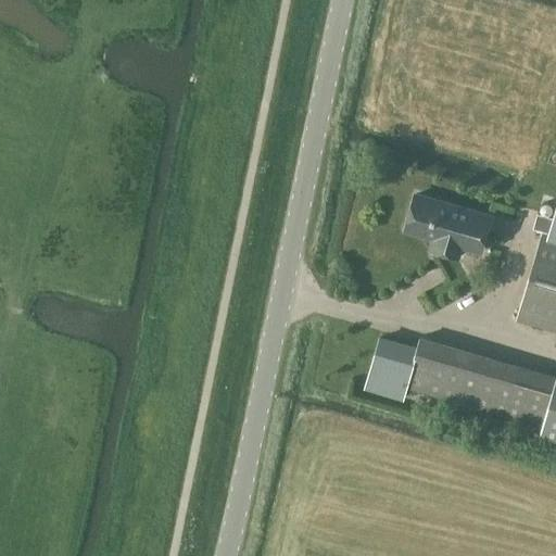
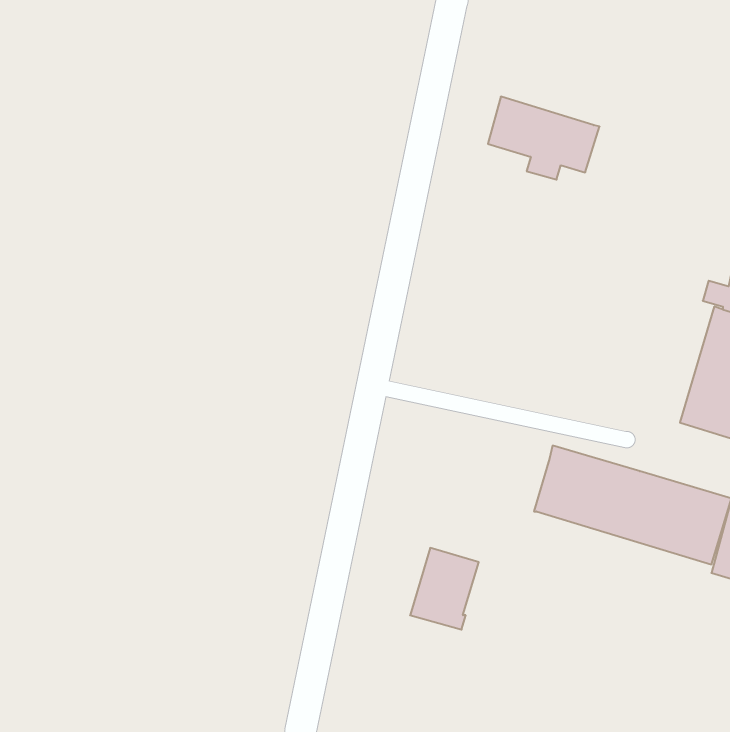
building: [406,194,491,257] -> [488,97,600,180]
building: [366,337,418,399] -> [410,548,479,630]

